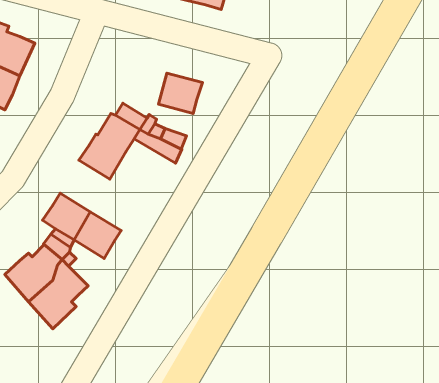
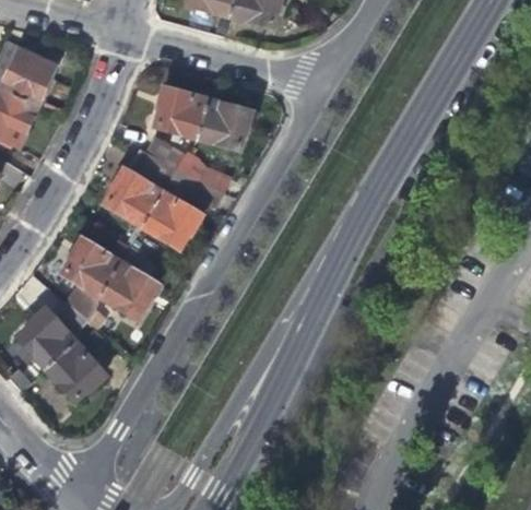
building: none -> [156,88,208,137]
building: none -> [141,192,197,246]

